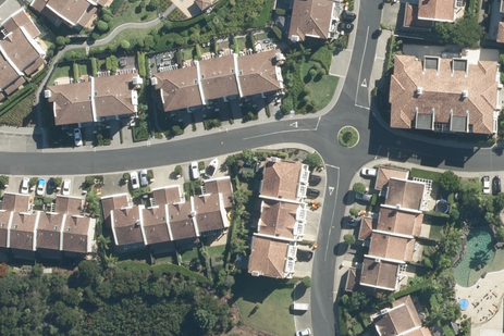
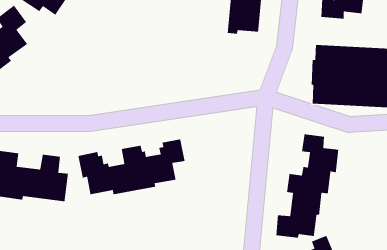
building: [156,50,284,114] -> none
building: [53,74,137,126] -> none
building: [251,160,304,279] -> none

